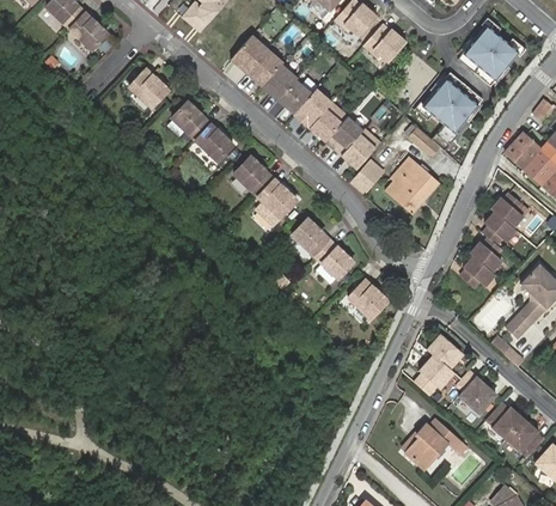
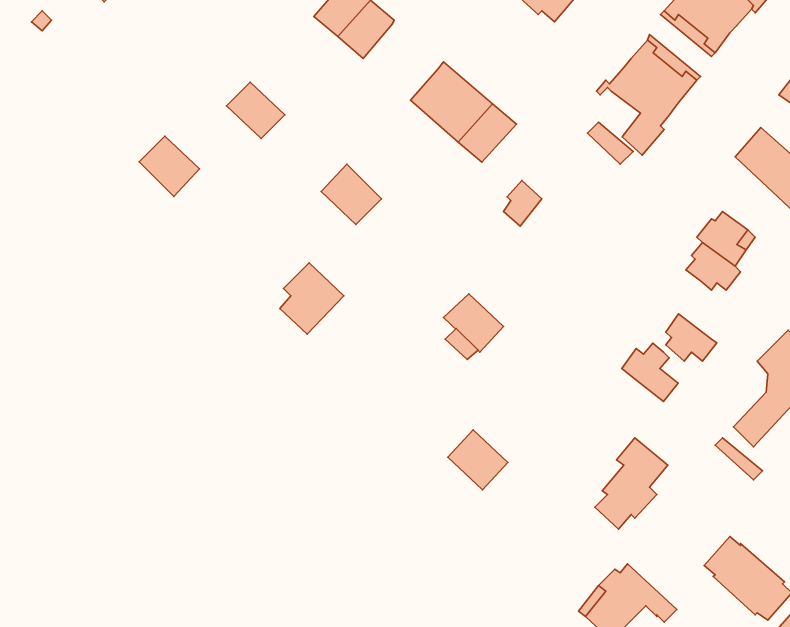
building: [262,65,311,115] -> none
building: [130,69,170,109] -> [139,136,199,196]
building: [195,124,233,163] -> none
building: [340,129,379,170] -> none
building: [386,160,440,214] -> none
building: [255,179,297,226] -> [280,263,344,334]
building: [292,219,331,257] -> none
building: [463,233,500,272] -> [622,343,678,402]
building: [348,280,387,319] -> [448,430,508,490]
building: [456,370,496,414] -> none

